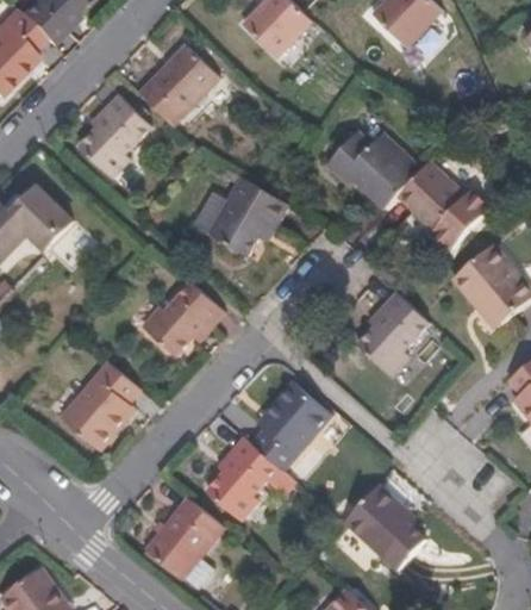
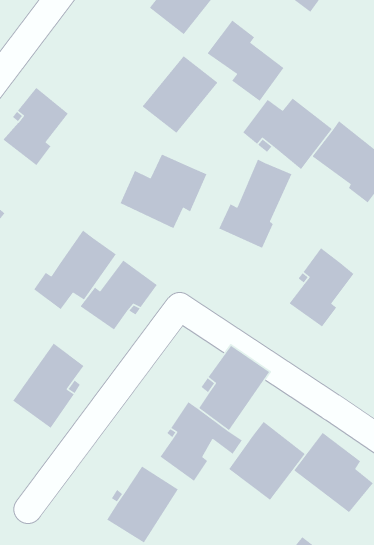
building: [138,44,220,125] -> [142,55,218,134]
building: none -> [206,19,284,102]
building: none -> [218,159,293,249]
building: none -> [33,230,117,310]
building: none -> [228,421,306,501]

